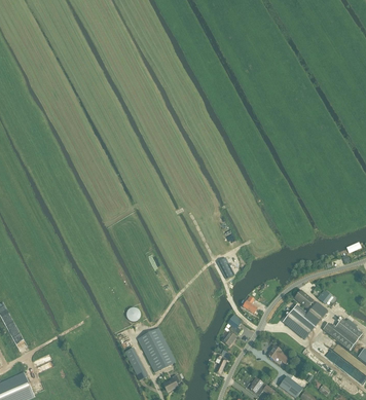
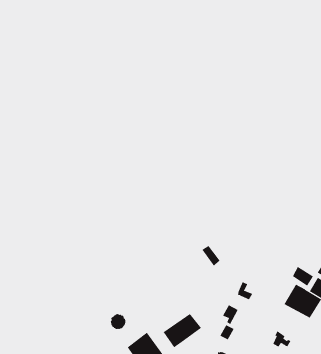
building: none -> [163,313,202,348]

